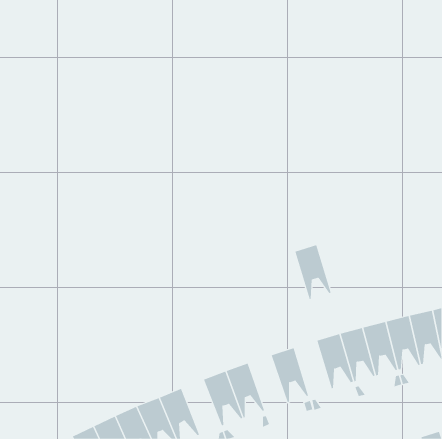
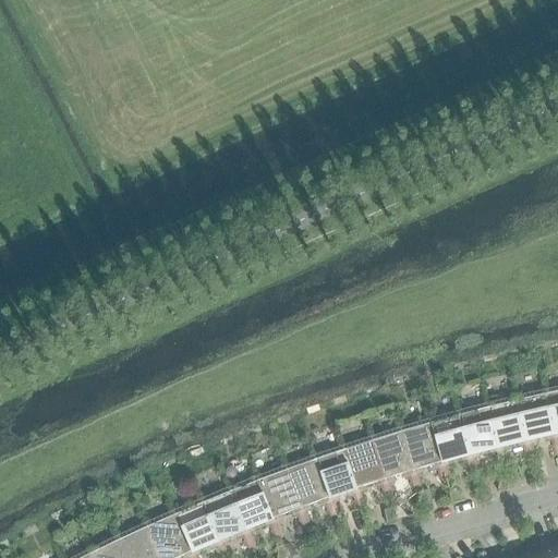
building: [294,244,332,300] -> [371,429,417,499]
building: none -> [313,448,362,518]
building: none -> [229,478,279,548]

